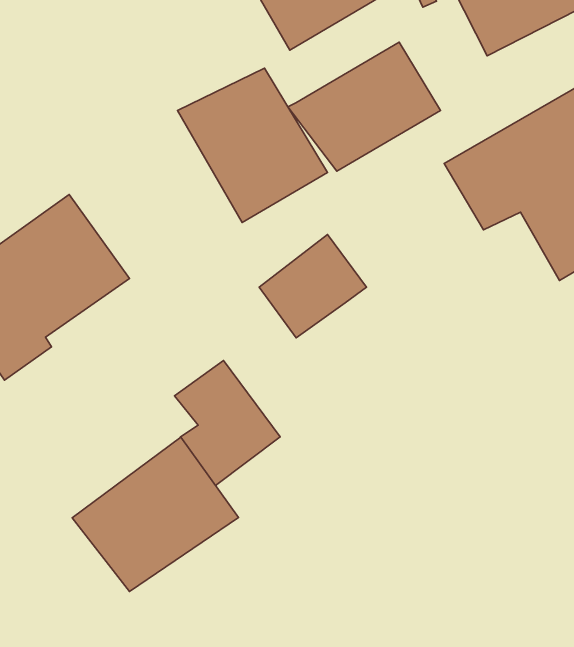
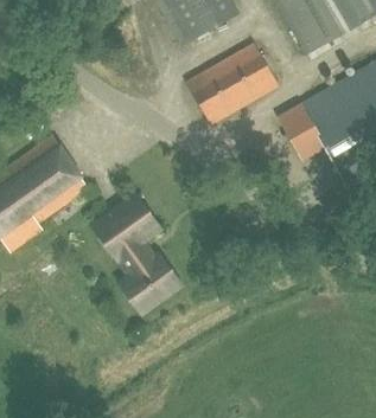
building: [178,68,328,223] -> none
building: [259,234,367,338] -> [91,194,157,257]
building: [72,437,239,591] -> none

